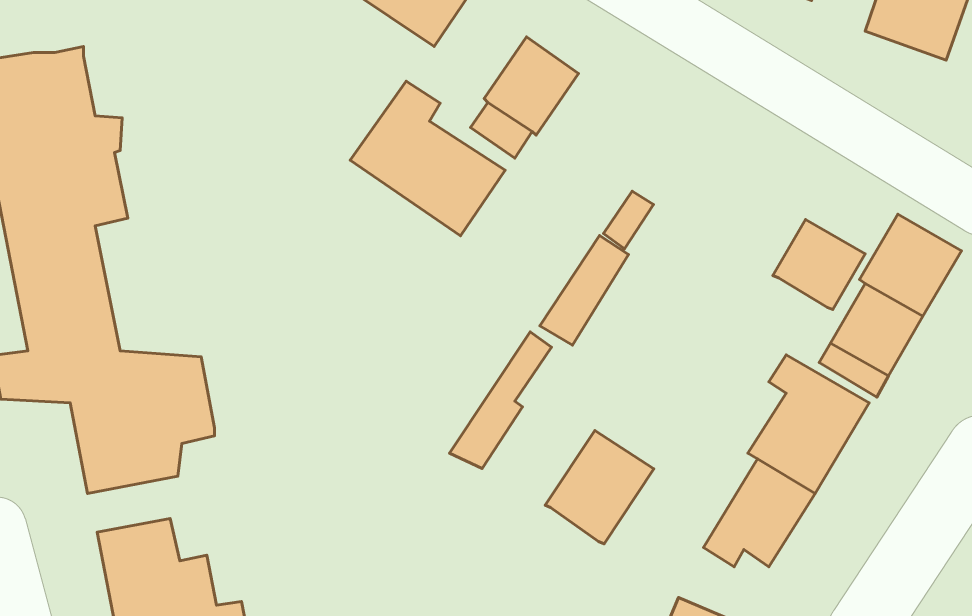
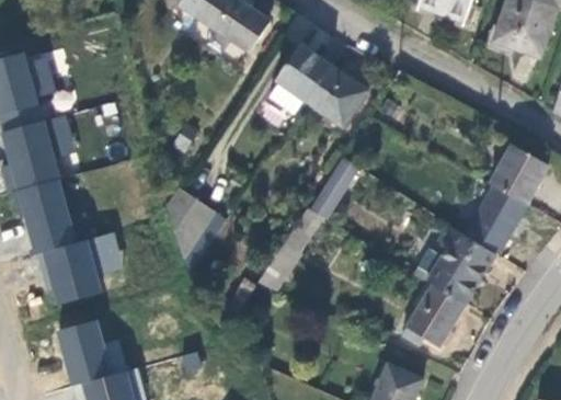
building: none -> [306,66,366,127]
building: [350,81,505,236] -> none
building: [773,220,865,310] -> none
building: none -> [165,187,214,258]
building: [545,430,654,544] -> none

